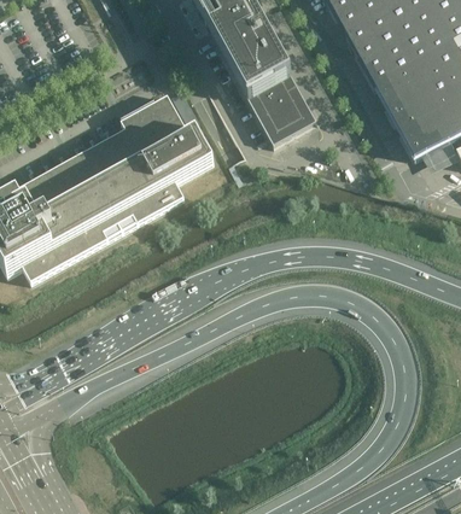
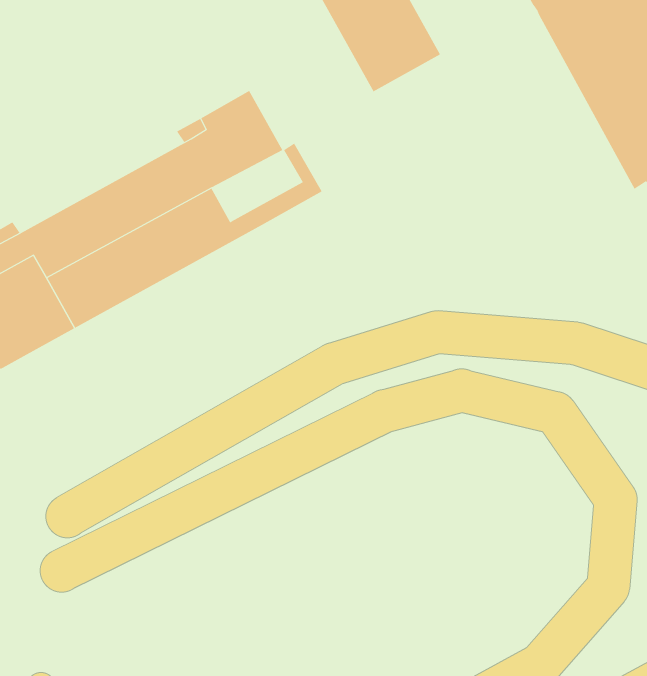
building: [246,70,316,142] -> none
building: [142,132,200,177] -> none
building: [22,180,183,280] -> none

